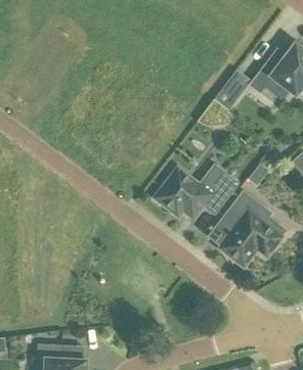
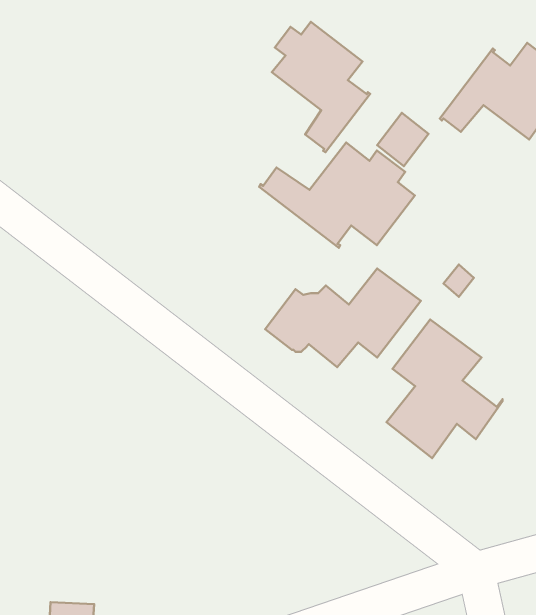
building: none -> [272,22,370,152]
building: none -> [259,143,415,248]

